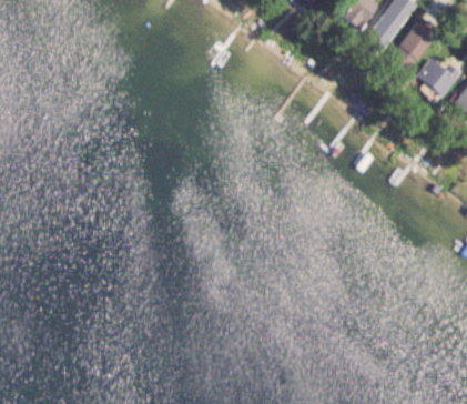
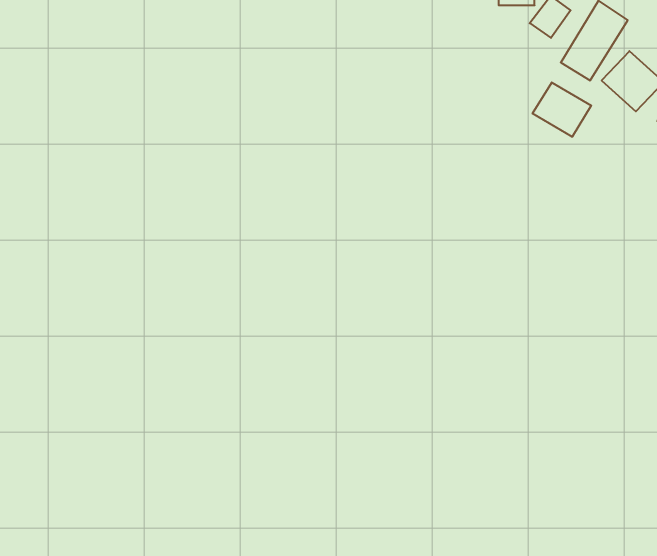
building: none -> [533,82,591,137]

